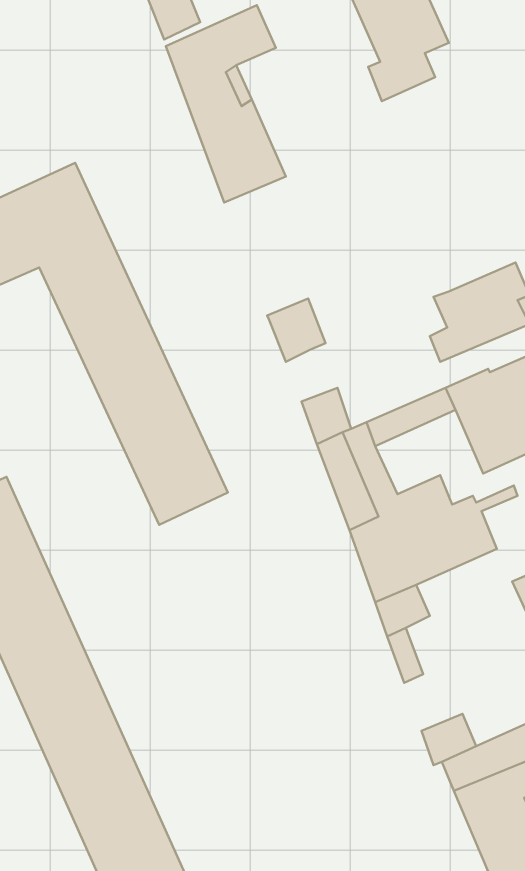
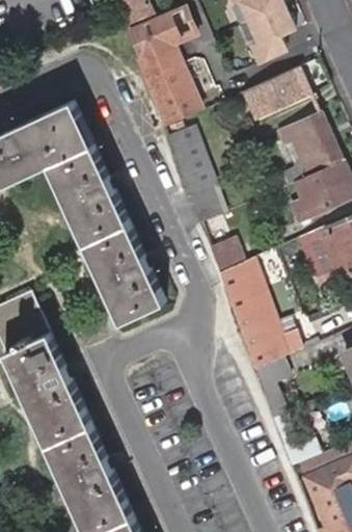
building: none -> [239,69,309,122]
building: none -> [271,111,336,186]
building: none -> [168,129,217,194]

